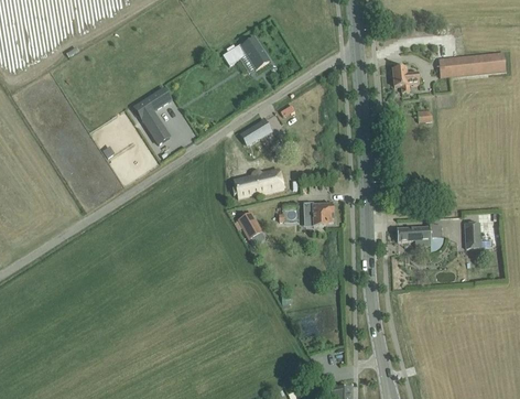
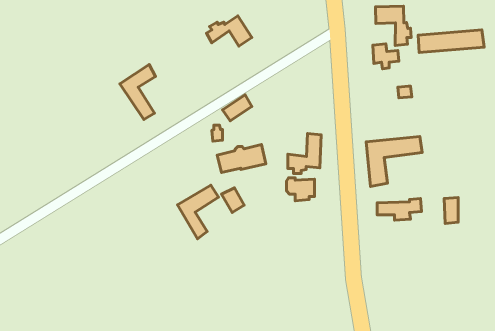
building: none -> [376,6,411,45]
building: none -> [288,133,321,174]
building: none -> [366,137,422,186]
building: none -> [177,185,218,239]

